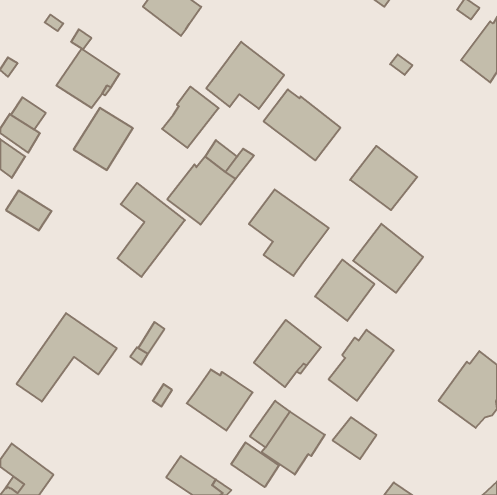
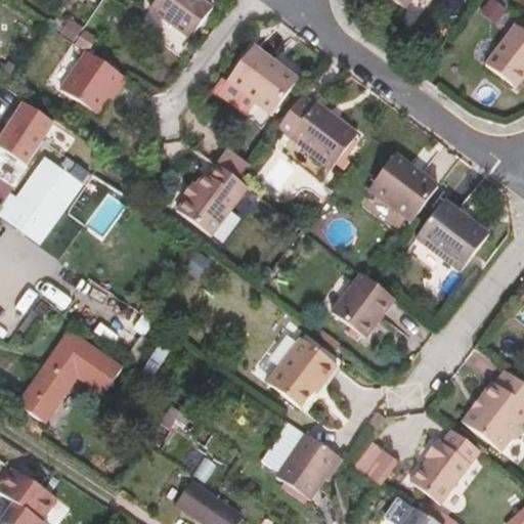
building: [162,87,219,148] -> none
building: [74,108,133,170] -> [19,157,82,222]
building: [117,183,185,277] -> none
building: [249,189,329,276] -> none
building: [353,224,423,293] -> [416,199,489,271]
building: [329,330,394,401] -> [410,429,479,504]
building: [187,369,253,431] -> none
building: [231,442,279,487] -> none

